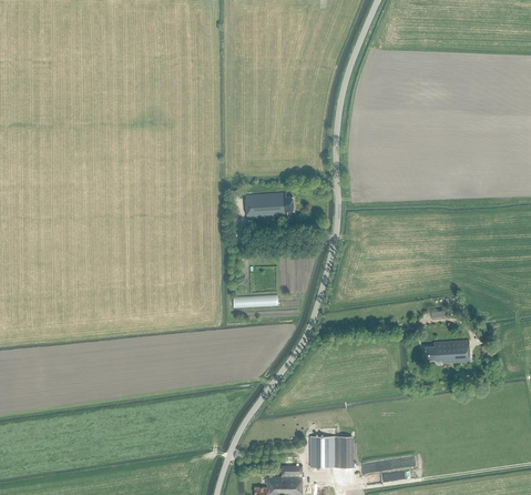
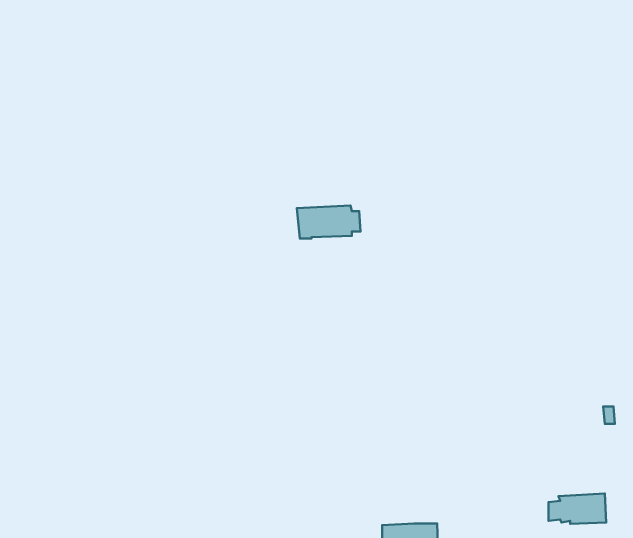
building: [425,340,469,363] -> [549,493,606,524]

